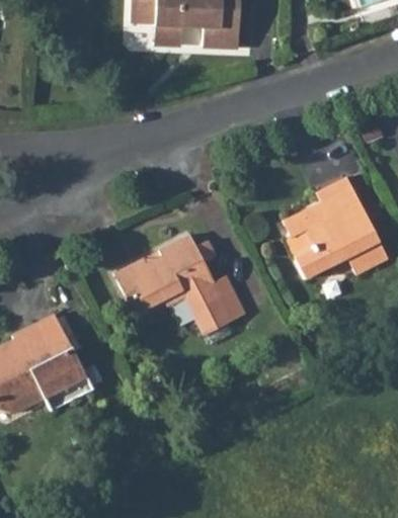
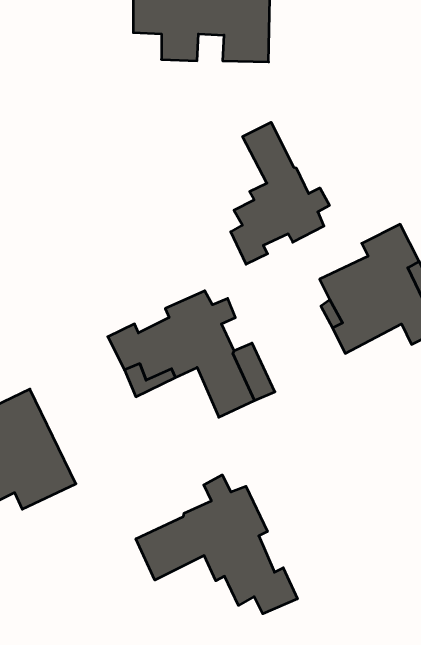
building: none -> [231,122,329,264]
building: none -> [136,475,297,614]

